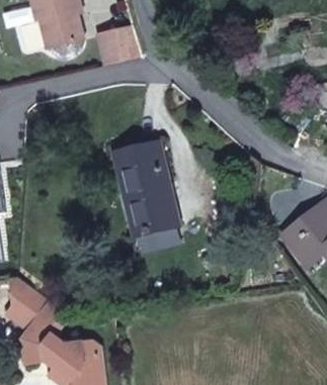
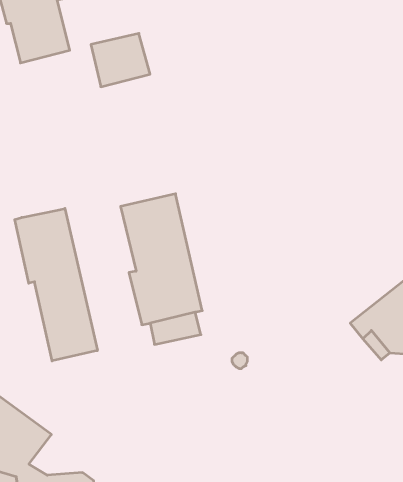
building: none -> [15,208,97,361]

